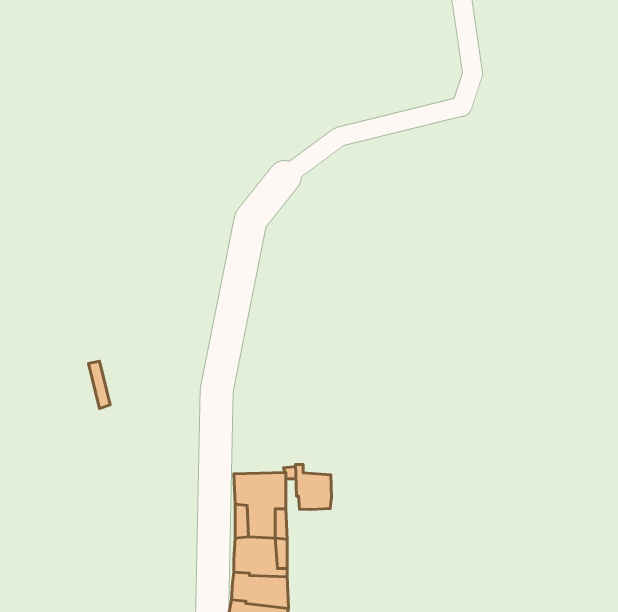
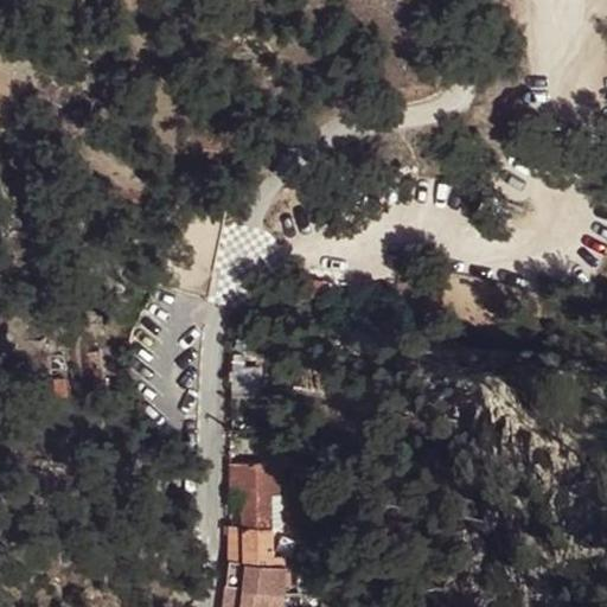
building: [296,465,332,509] -> none

